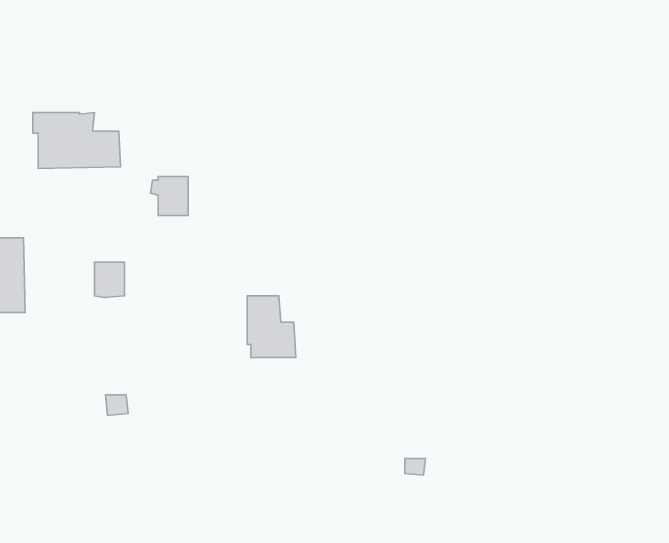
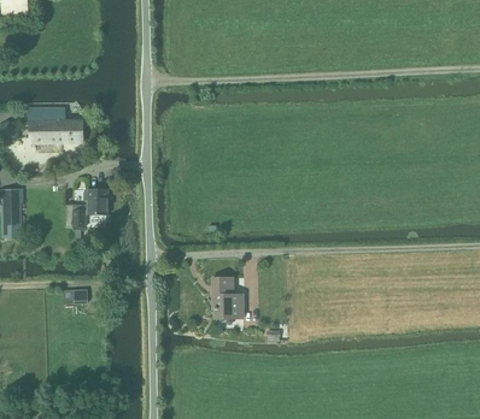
building: [151,176,188,216] -> [83,189,107,214]
building: [247,296,296,358] -> [212,278,244,318]

